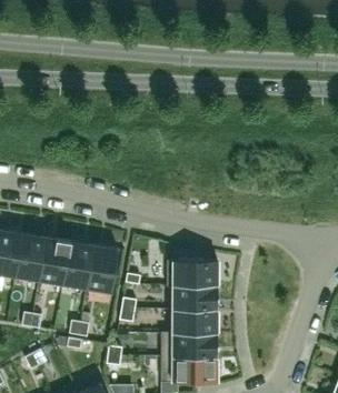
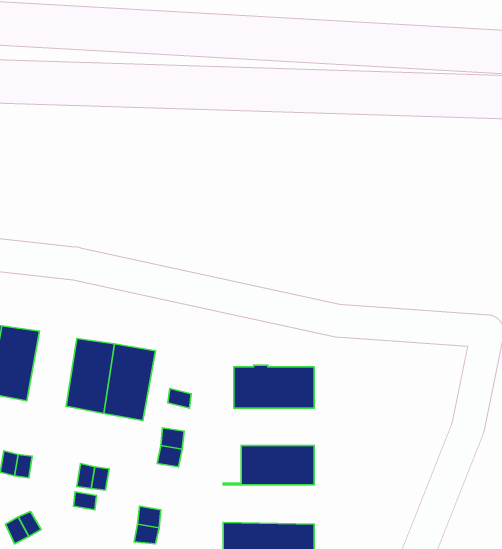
building: [38,238,69,284] -> none
building: [167,285,217,309] -> none
building: [160,333,217,357] -> none

